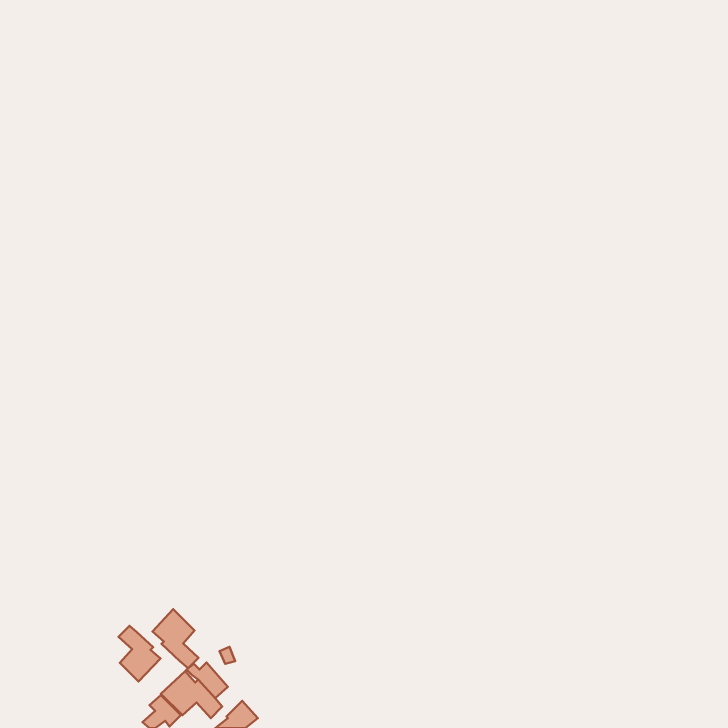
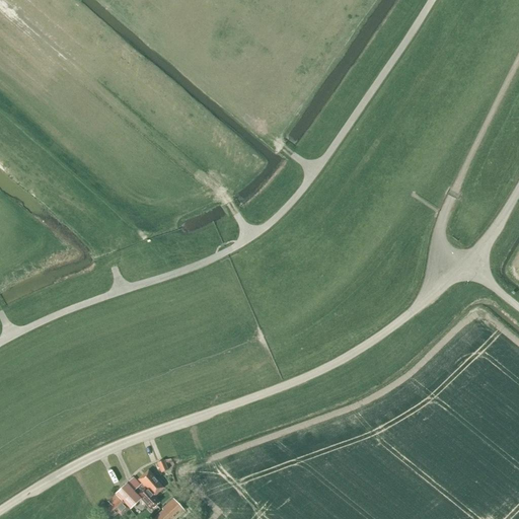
building: [153,609,199,668] -> none
building: [119,626,161,682] -> none

